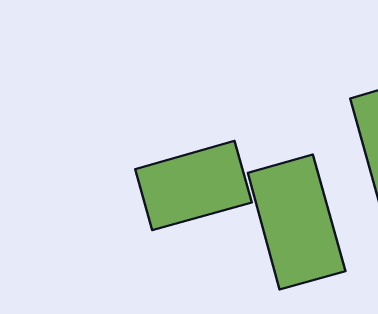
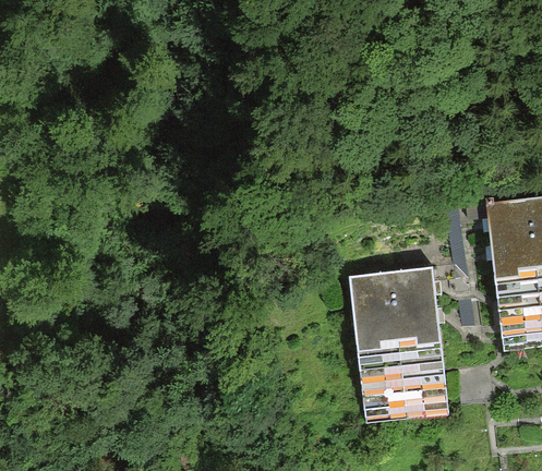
building: [135,141,252,230] -> none

